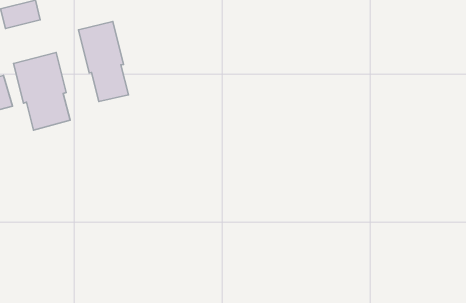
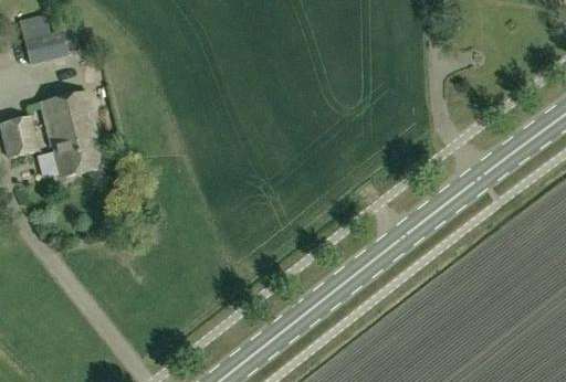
building: [78,21,129,102] -> none

